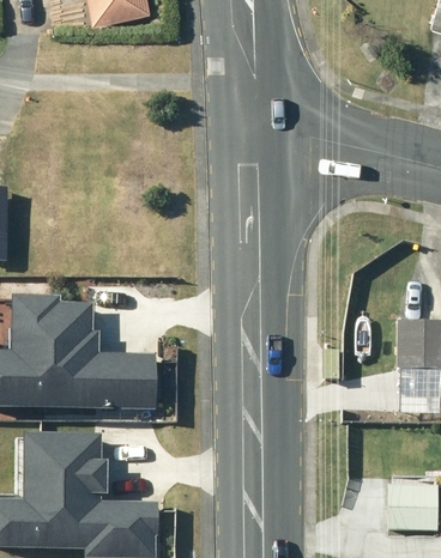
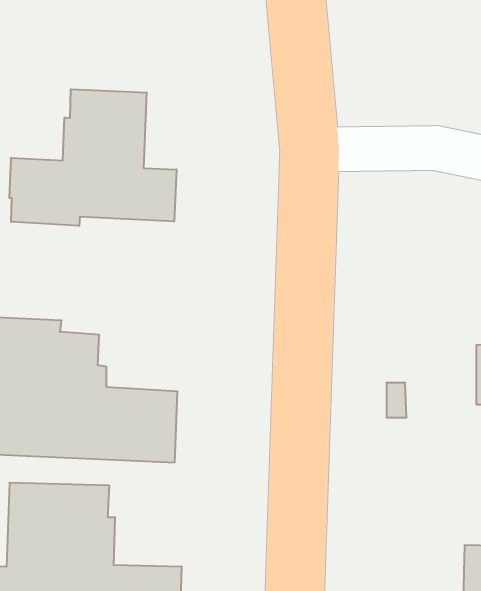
building: none -> [9,89,177,226]

